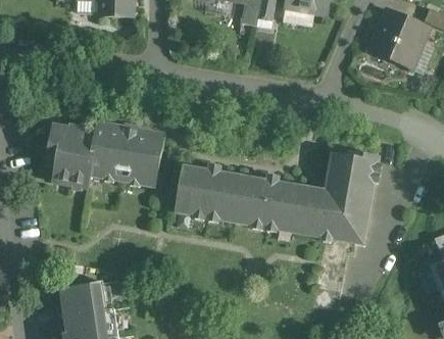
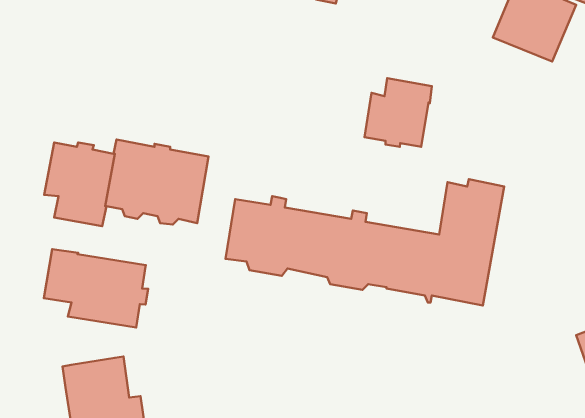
building: none -> [364,78,432,147]
building: none -> [44,249,148,327]

